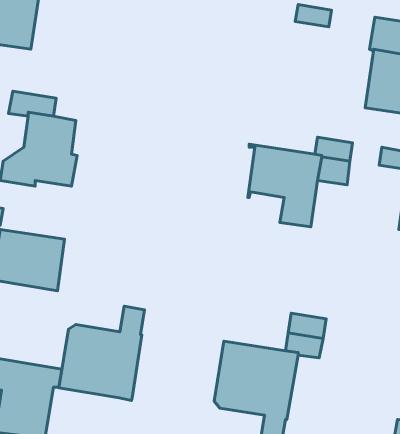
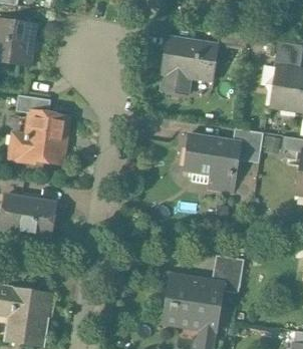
building: none -> [162,36,218,93]
building: [59,306,144,400] -> none

